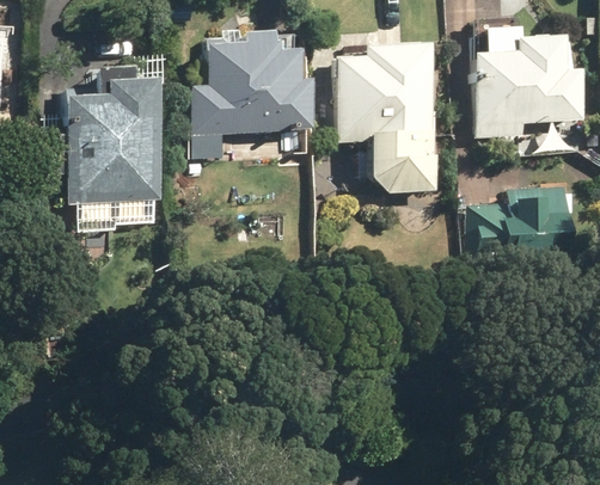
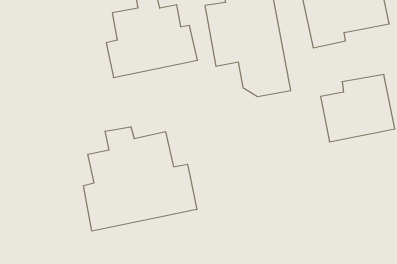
building: [67,78,166,203] -> none
building: none -> [84,127,197,231]

